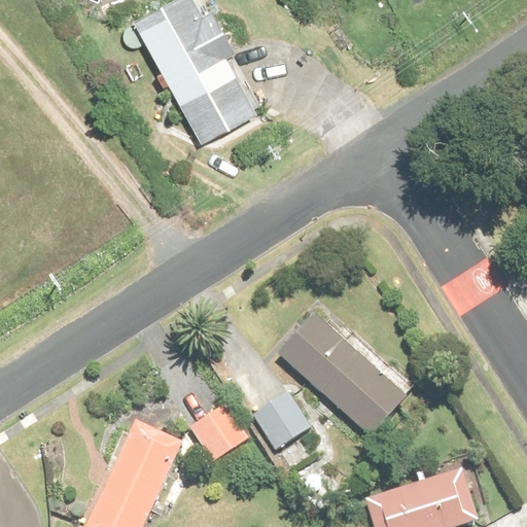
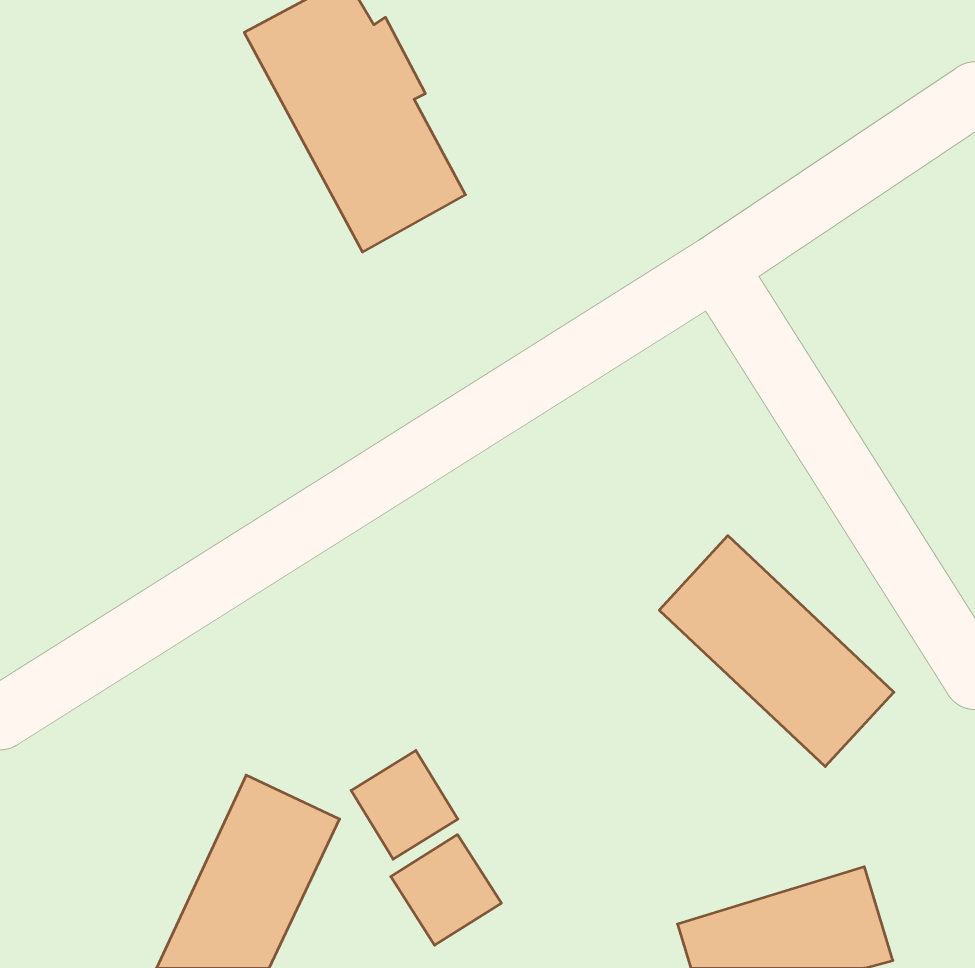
building: [278,313,405,437] -> [659,536,894,767]
building: [252,389,312,449] -> [391,835,501,945]

